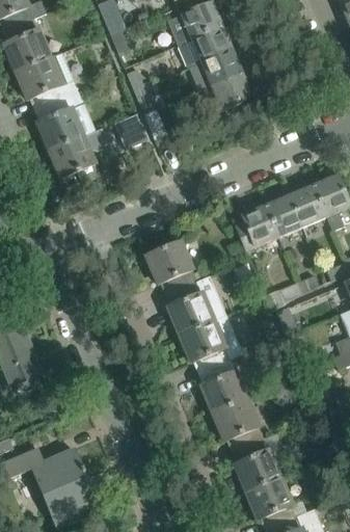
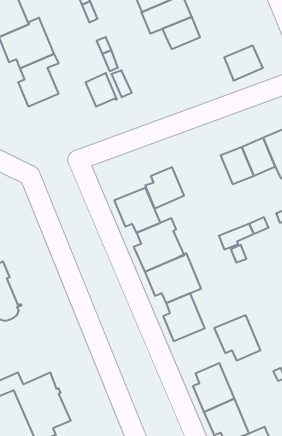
building: [210,71,253,110] -> [224,46,263,81]
building: [49,125,108,178] -> none
building: [235,204,278,250] -> [145,167,184,209]
building: [212,398,264,449] -> [214,315,260,360]

